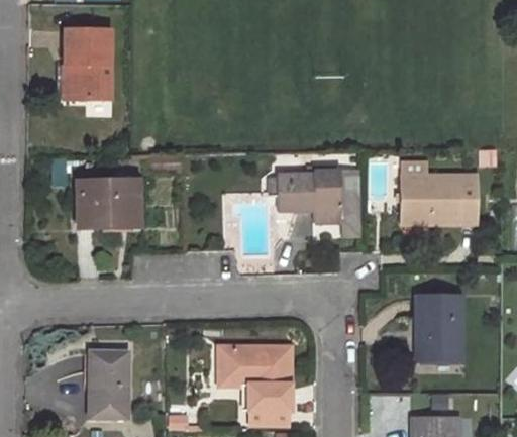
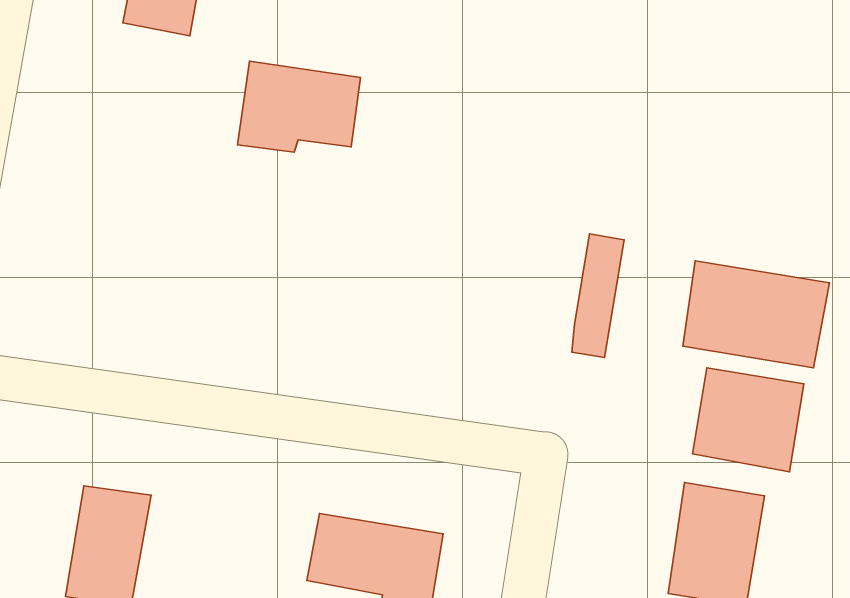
building: [271,173,342,223] -> none
building: [77,180,139,227] -> [238,61,361,152]
building: none -> [693,368,804,472]

